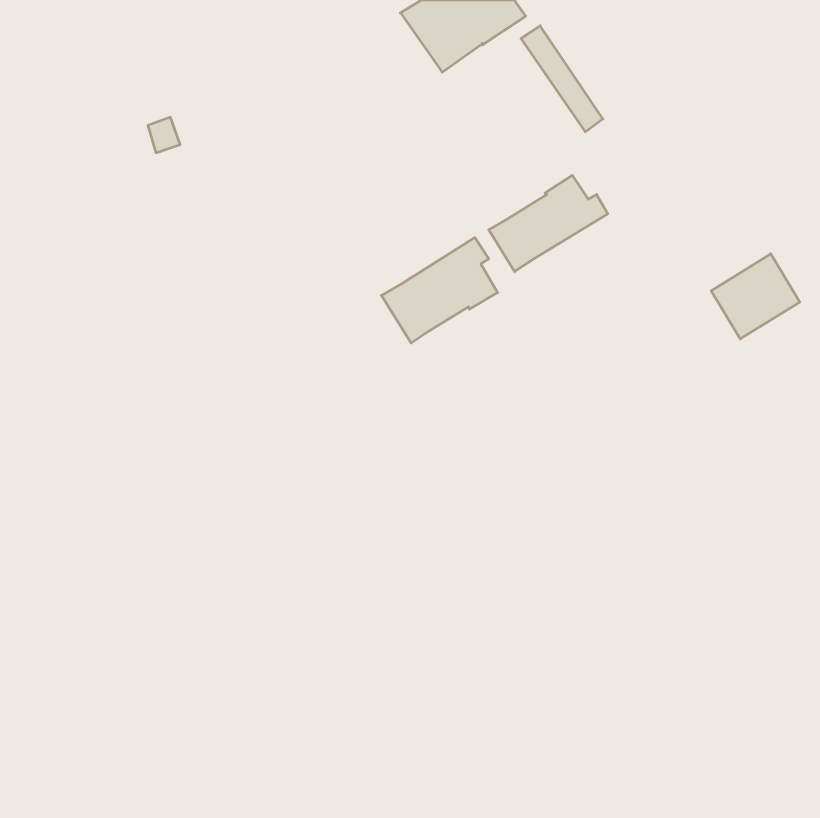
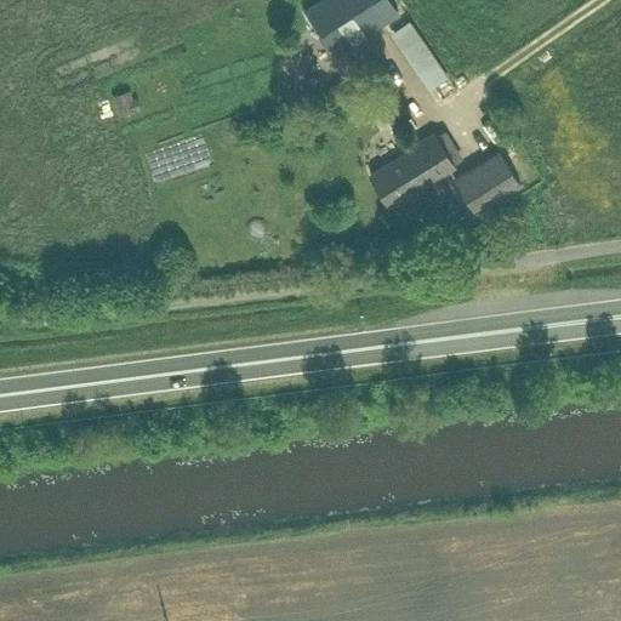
building: [381,238,498,343] -> none
building: [711,254,800,339] -> [454,152,520,216]

